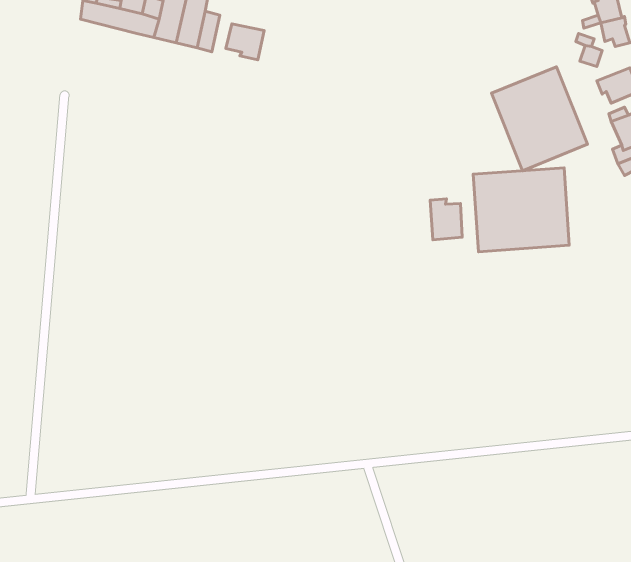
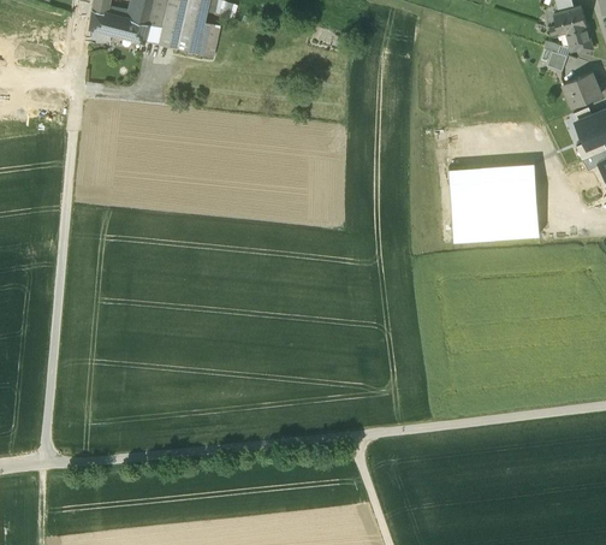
building: [226,24,264,60] -> none
building: [491,67,587,171] -> none
building: [430,199,462,240] -> none

